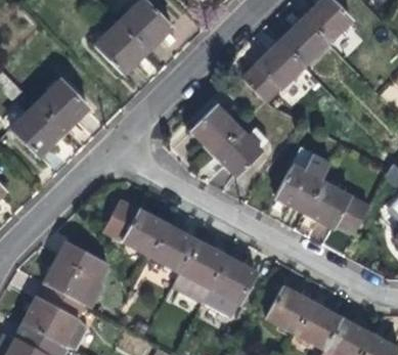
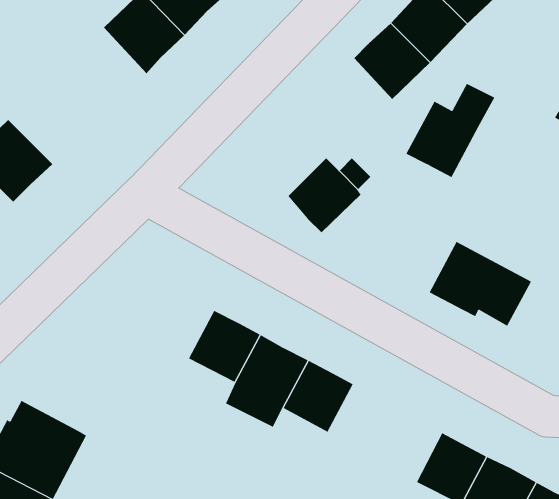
building: [36,80,87,132] -> none
building: [191,105,238,152] -> none
building: [274,153,331,214] -> [405,83,495,178]
building: [105,201,167,256] -> none
building: [43,240,110,307] -> none
building: [265,286,312,335] -> none

